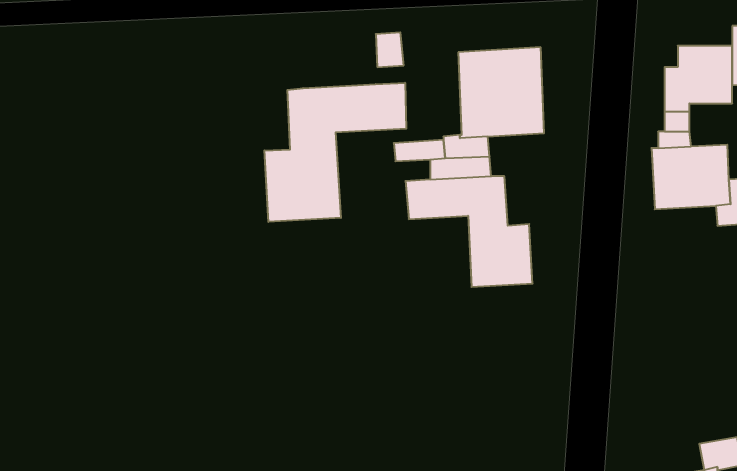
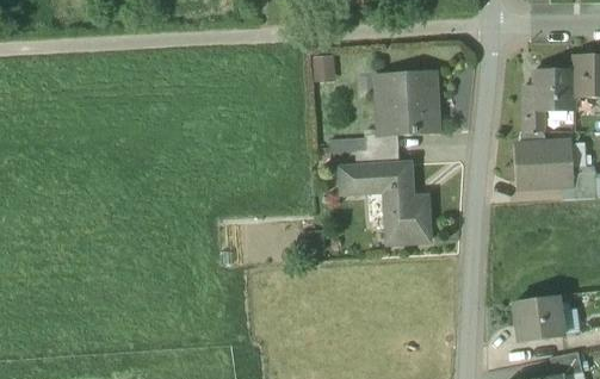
building: [264,83,406,222] -> none
building: none -> [513,296,562,341]

